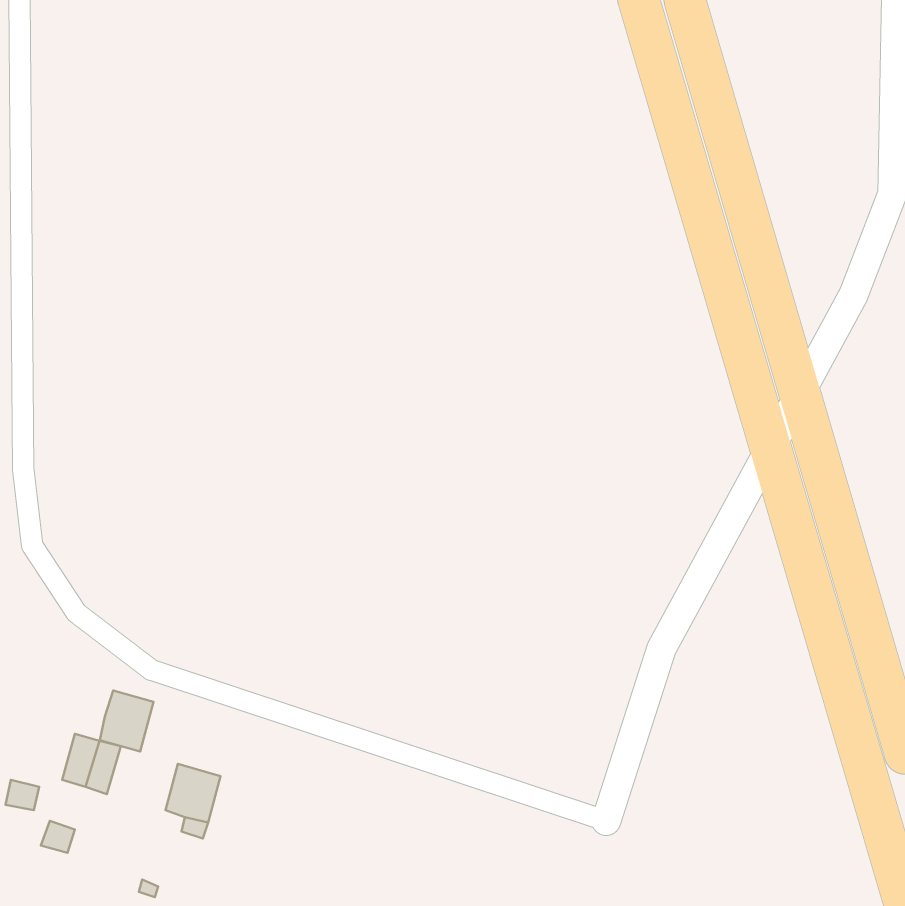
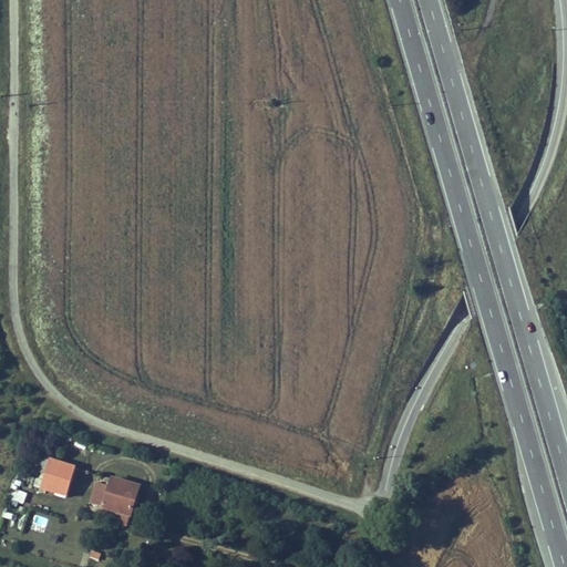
building: [100,690,154,752] -> none

